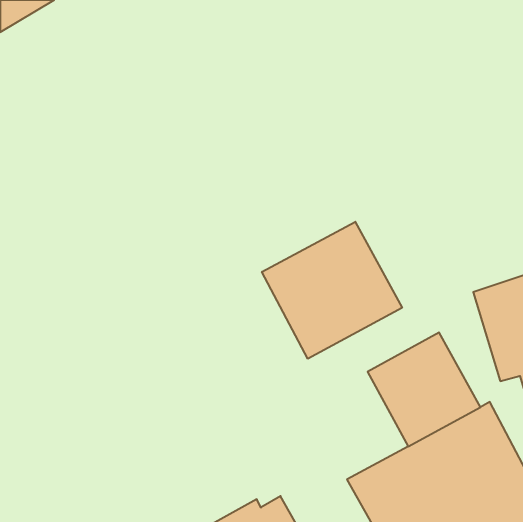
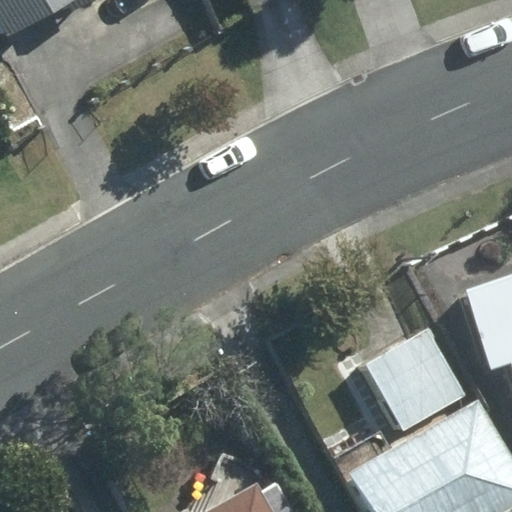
building: [262,222,402,359] -> none

